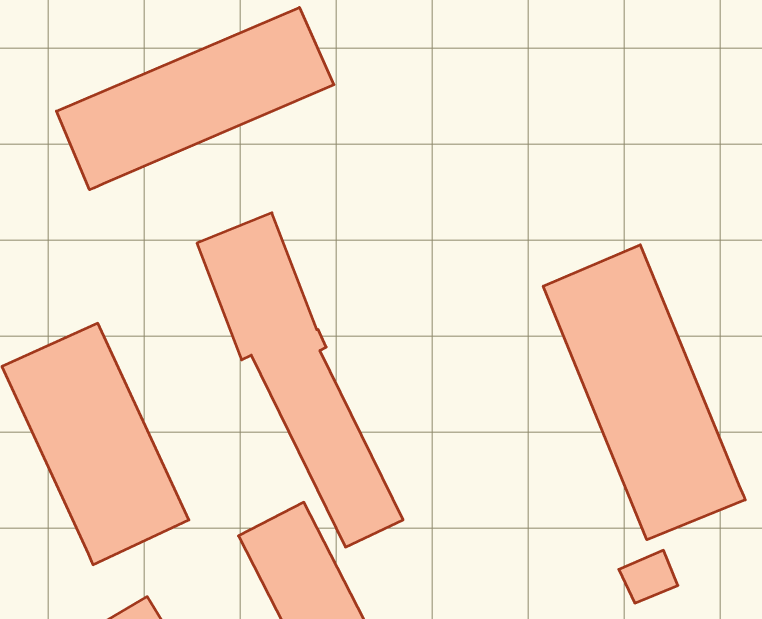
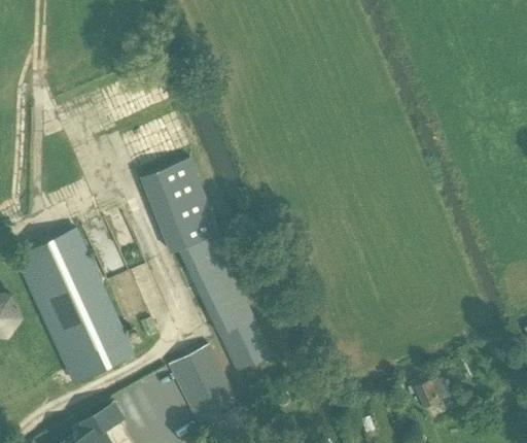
building: [56,7,334,190] -> none
building: [543,245,745,540] -> none

